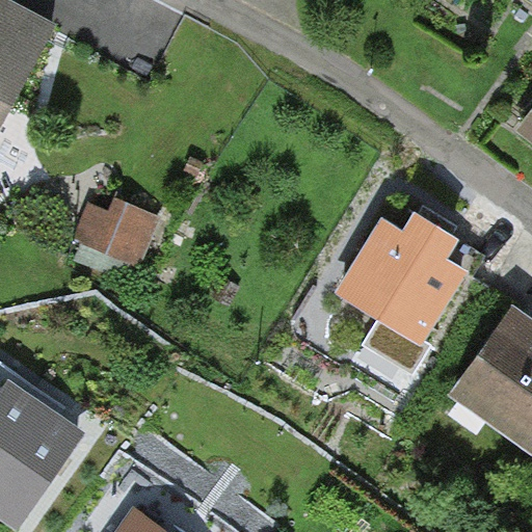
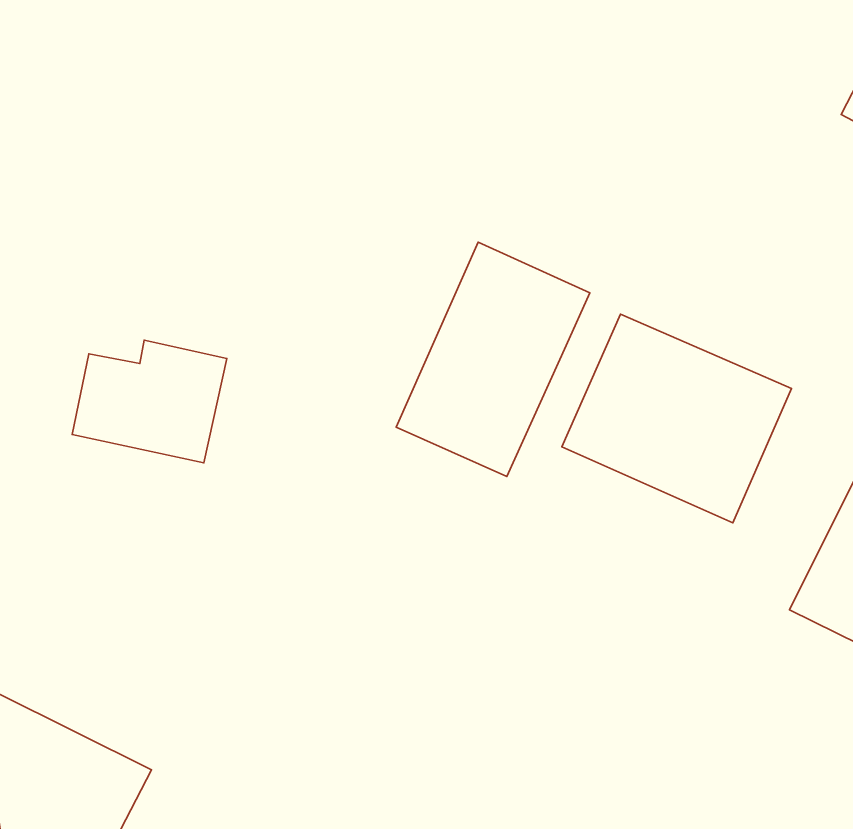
building: none -> [396,242,590,477]

